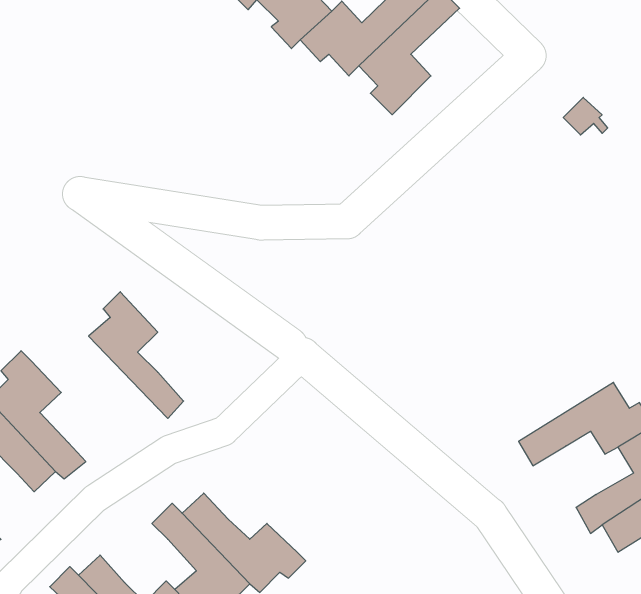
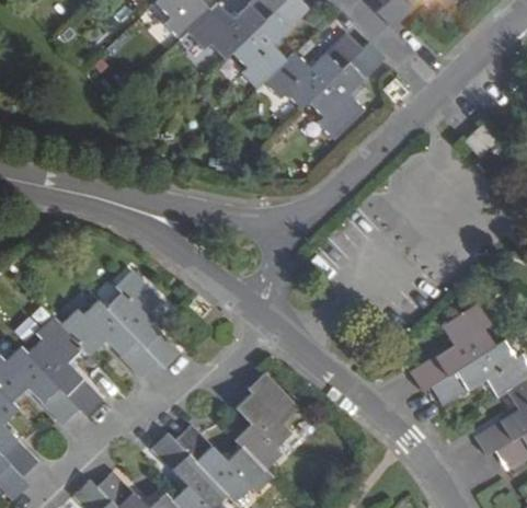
building: none -> [60,299,157,377]
building: none -> [412,304,495,390]
building: none -> [232,373,294,470]

